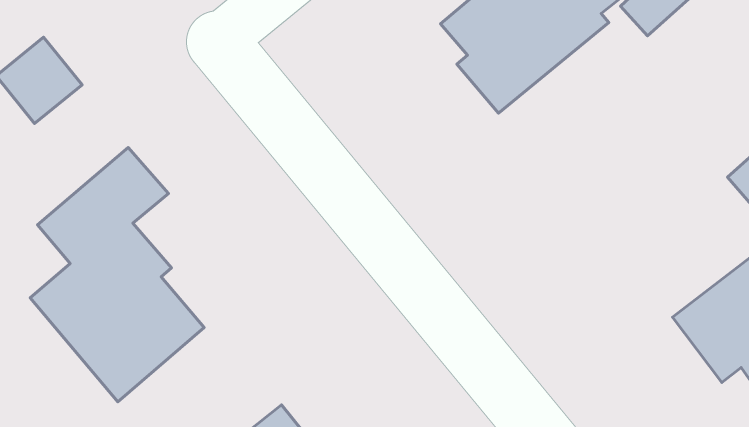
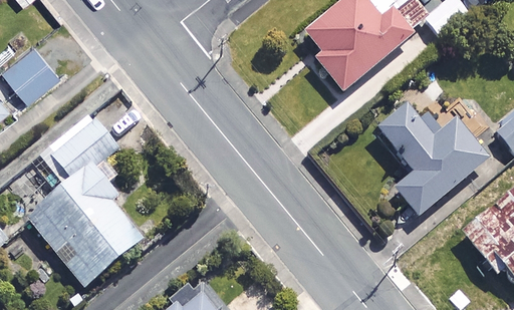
building: none -> [377,103,488,217]

